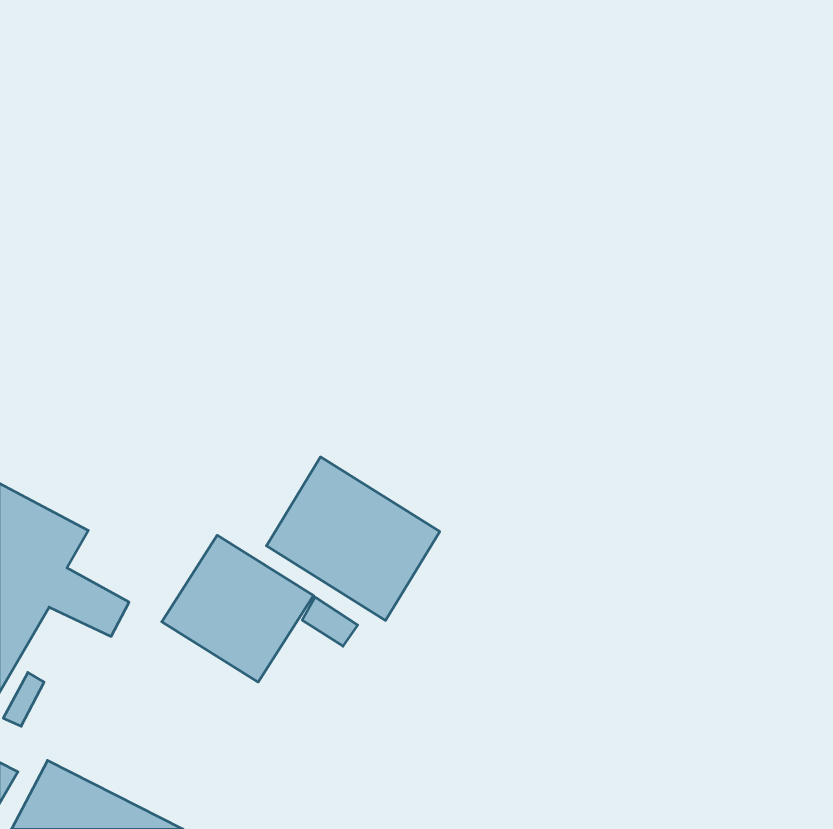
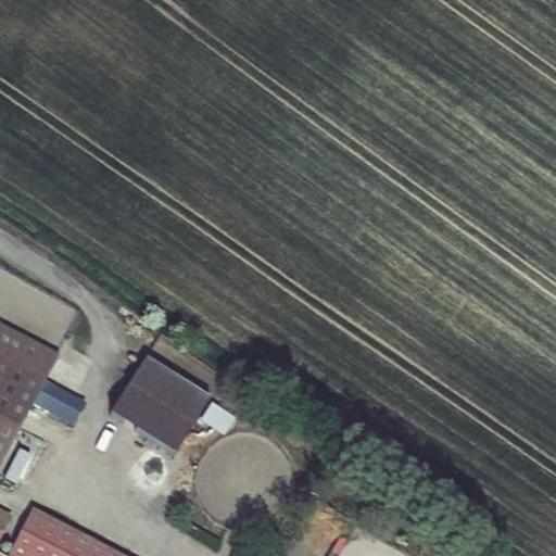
building: [266,457,440,620] -> none

